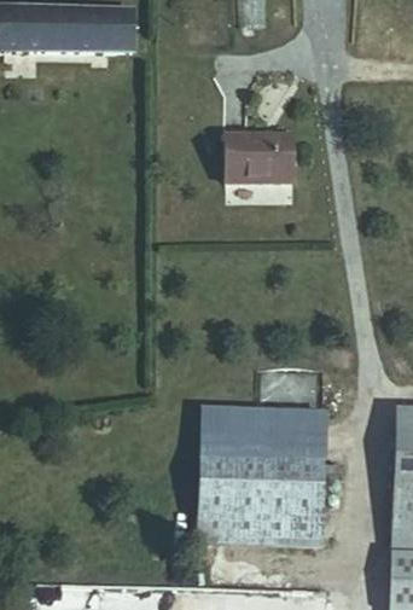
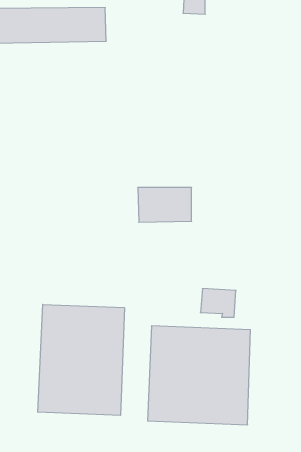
building: [238,134,306,178] -> [138,188,192,222]
building: none -> [38,304,124,415]

